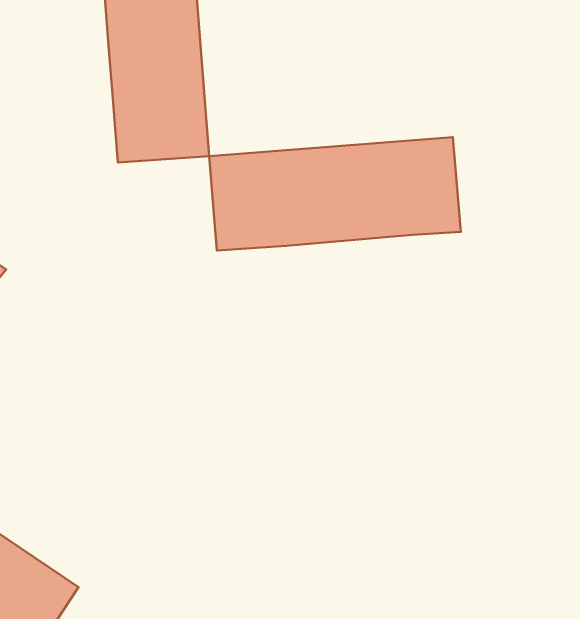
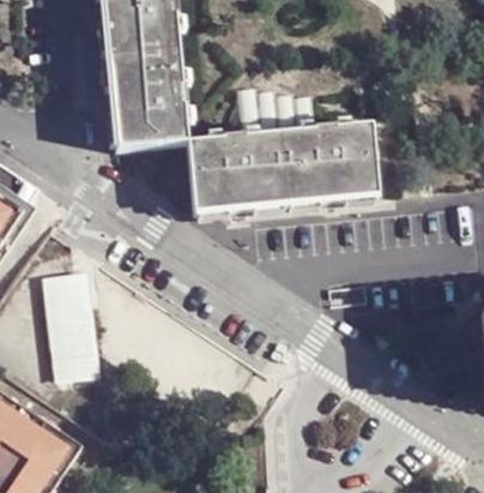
building: none -> [48,278,98,380]

